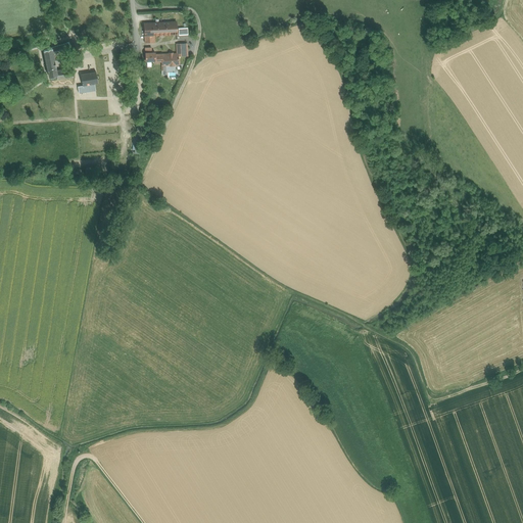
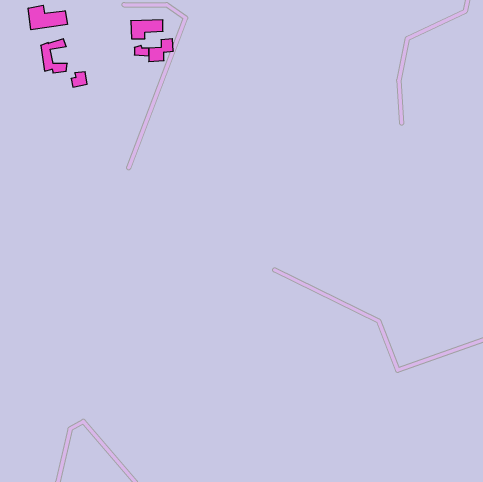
building: none -> [28,5,67,30]

